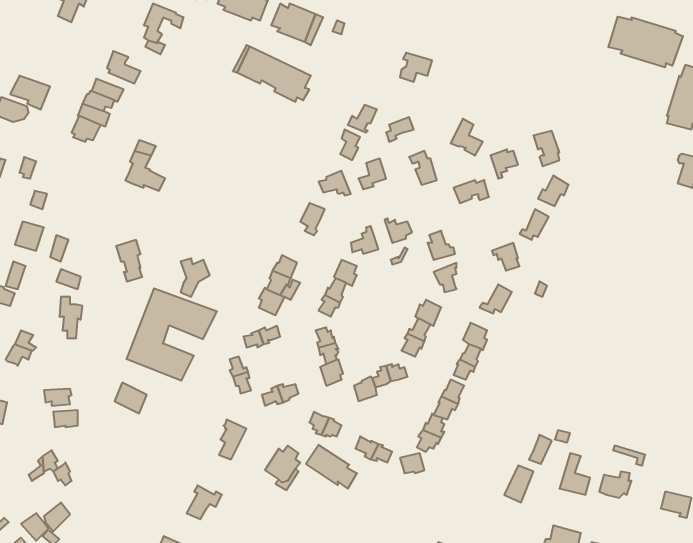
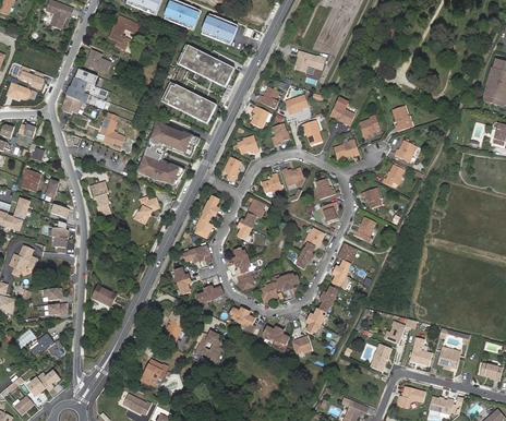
building: [608,17,683,67] -> none
building: none -> [161,84,215,121]
building: [126,288,217,380] -> [135,122,200,188]
building: [306,445,357,489] -> none

